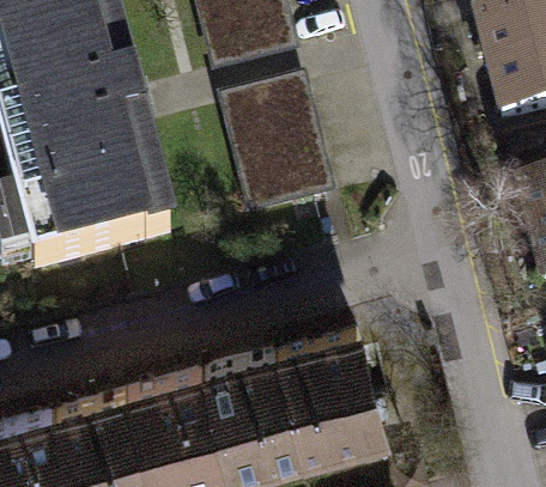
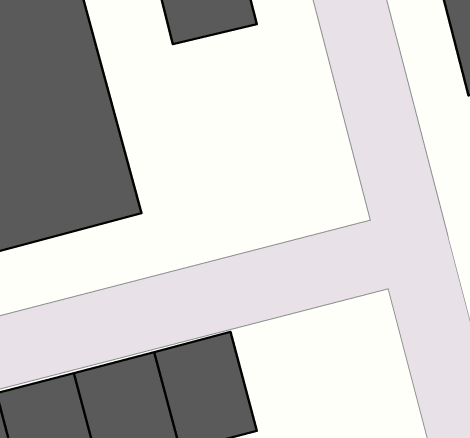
building: [225,81,334,217] -> none
building: [274,325,378,442] -> none

